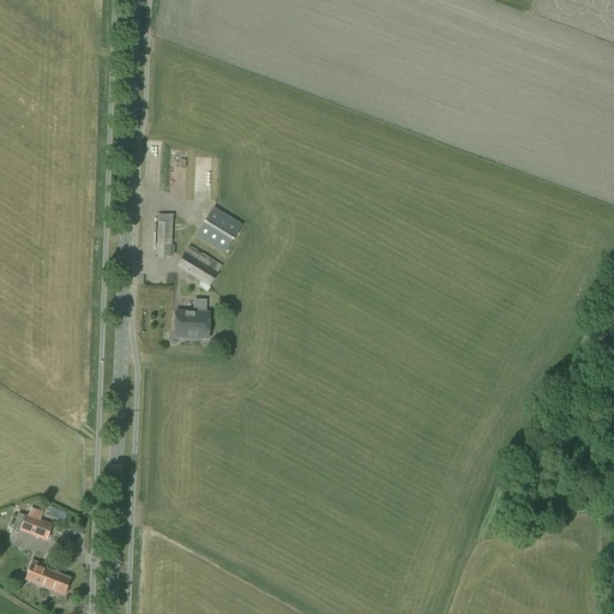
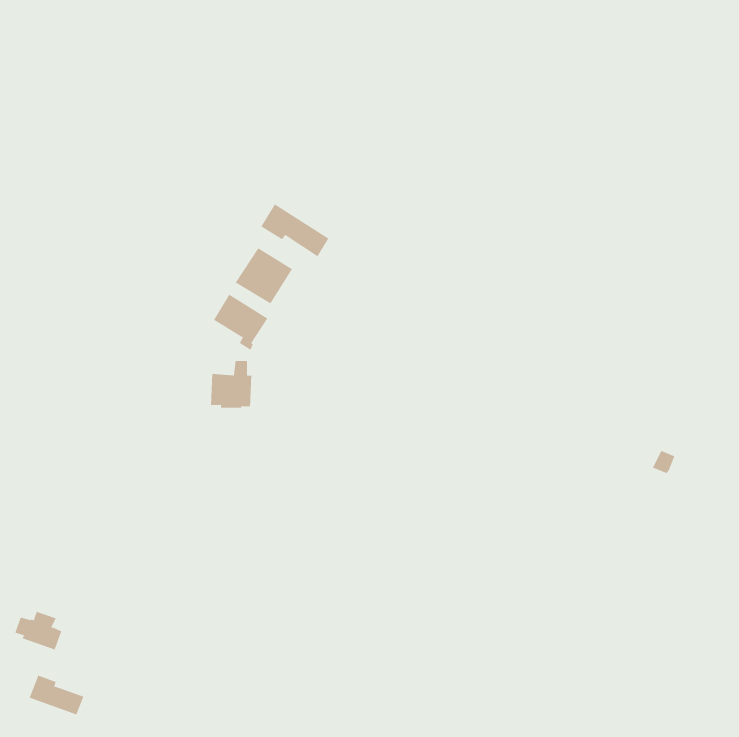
building: none -> [260,204,329,257]
building: [157,212,176,255] -> none

